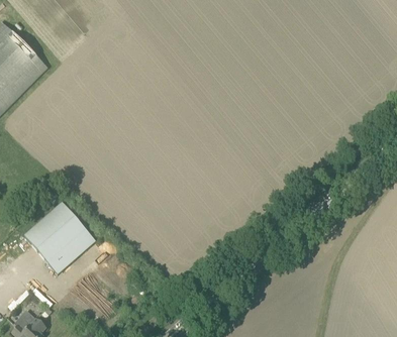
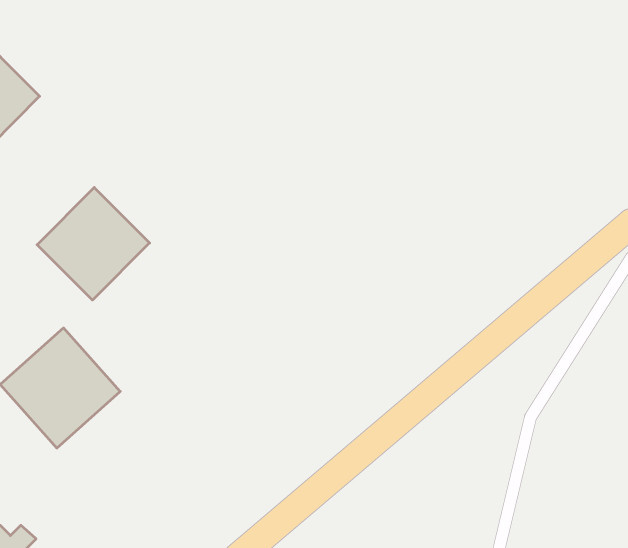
building: none -> [37,187,150,300]

